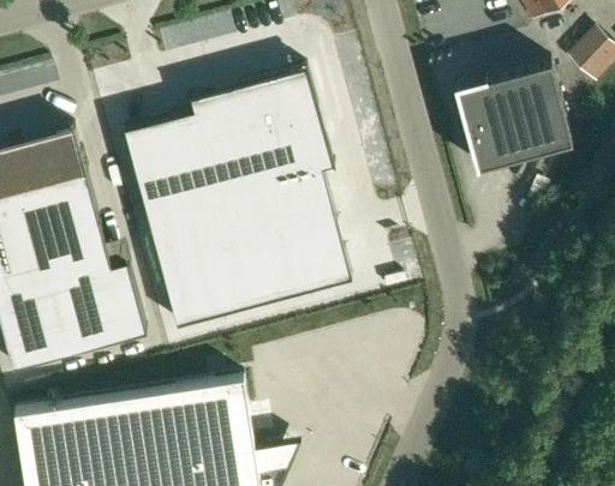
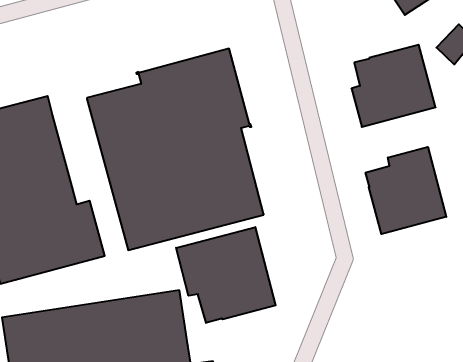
building: none -> [366,147,446,234]
building: none -> [176,227,276,323]

